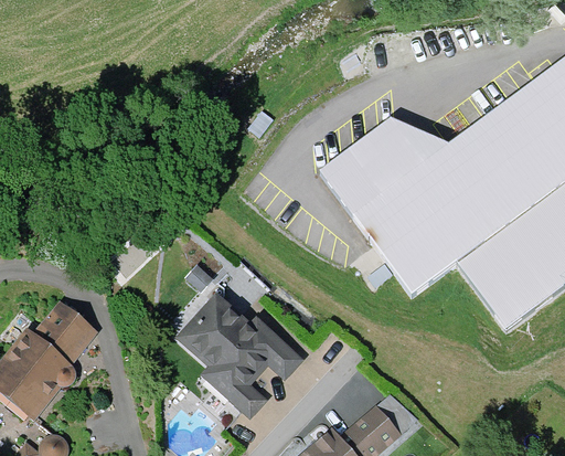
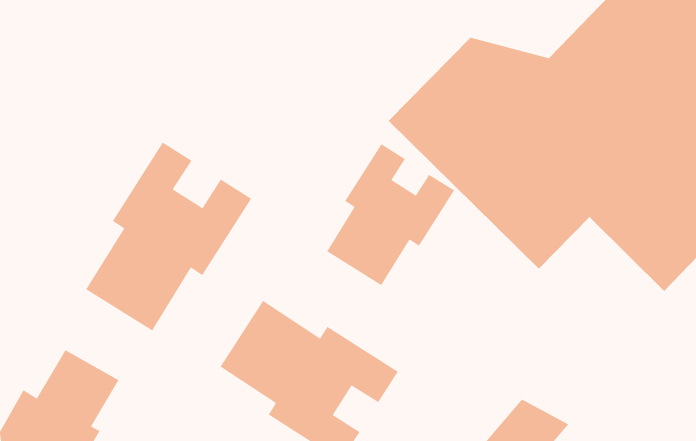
building: none -> [85,141,252,331]
building: none -> [326,143,455,286]

